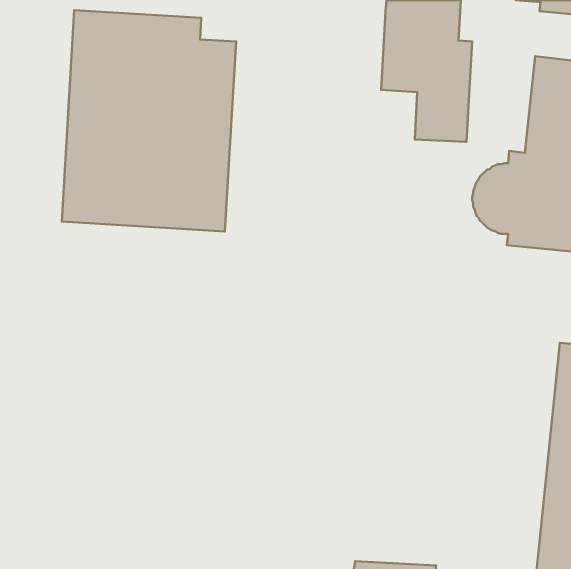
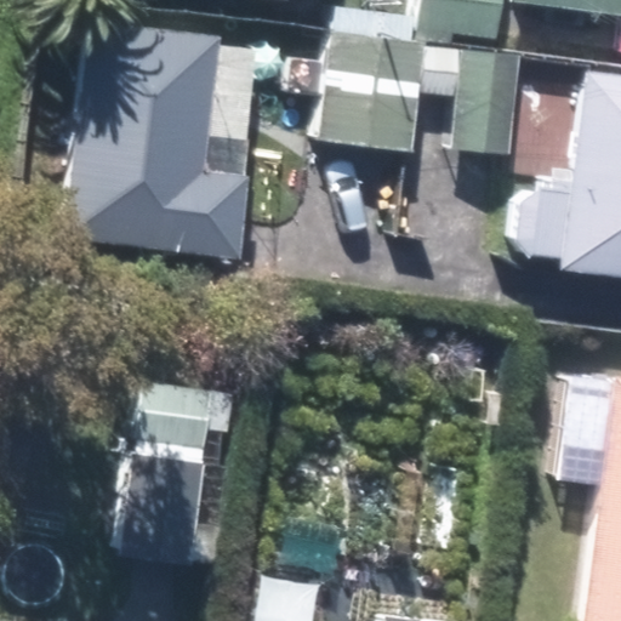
building: none -> [314,12,420,149]
building: none -> [119,359,213,564]

